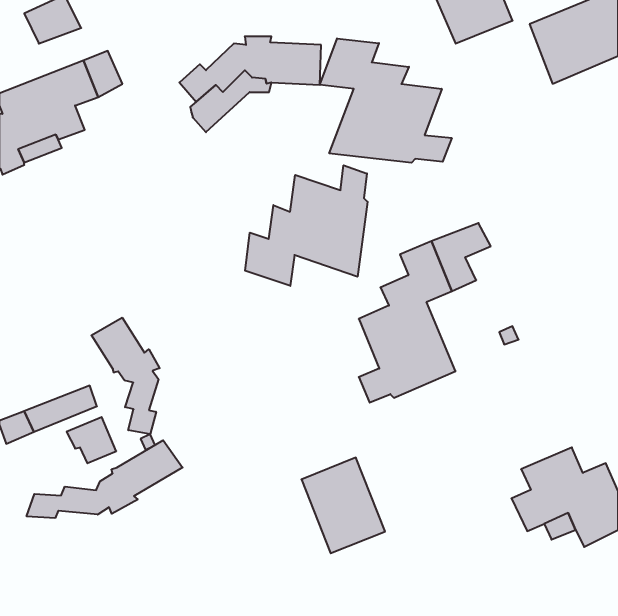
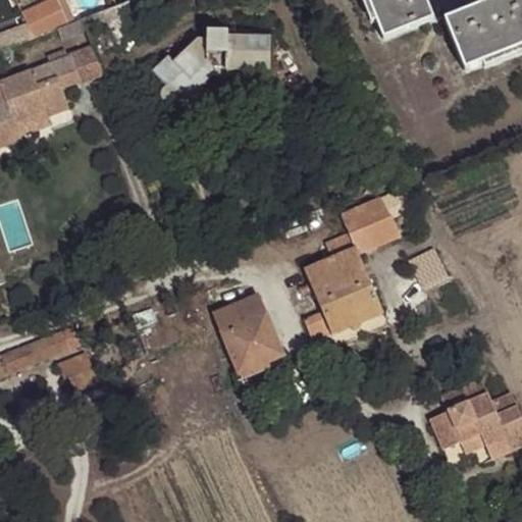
building: [320,38,452,163] -> none
building: [245,165,368,286] -> none
building: [91,318,160,434] -> none
building: [27,440,183,518] -> none
building: [301,458,385,553] -> [212,293,282,373]

